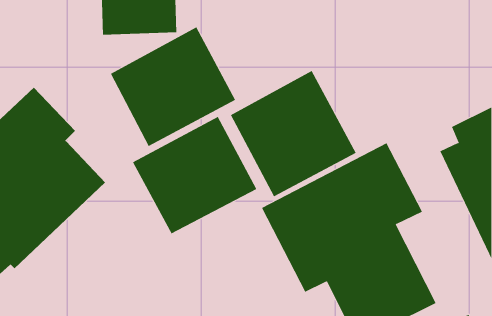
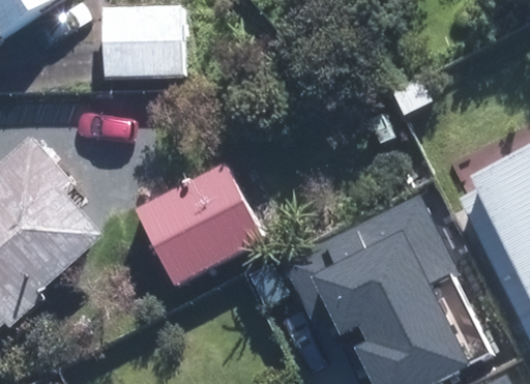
building: [110,27,236,147] -> none
building: [230,70,356,197] -> none

